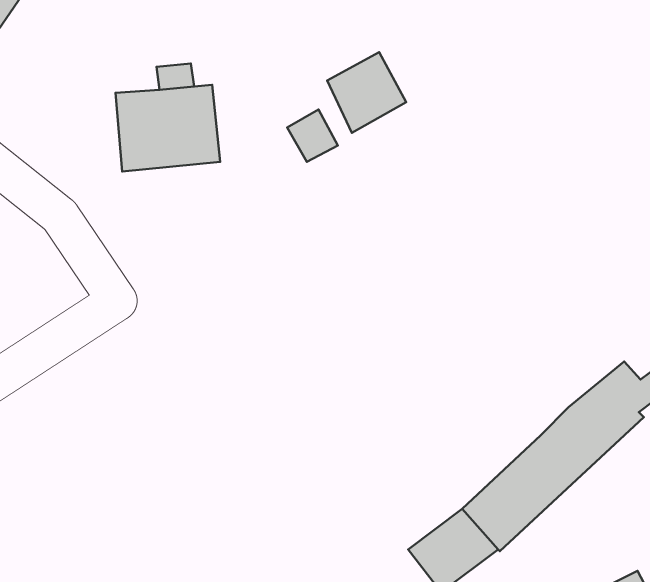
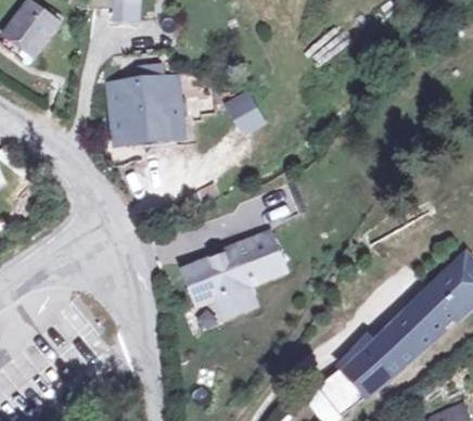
building: [327,52,406,133] -> none
building: none -> [189,240,287,323]

